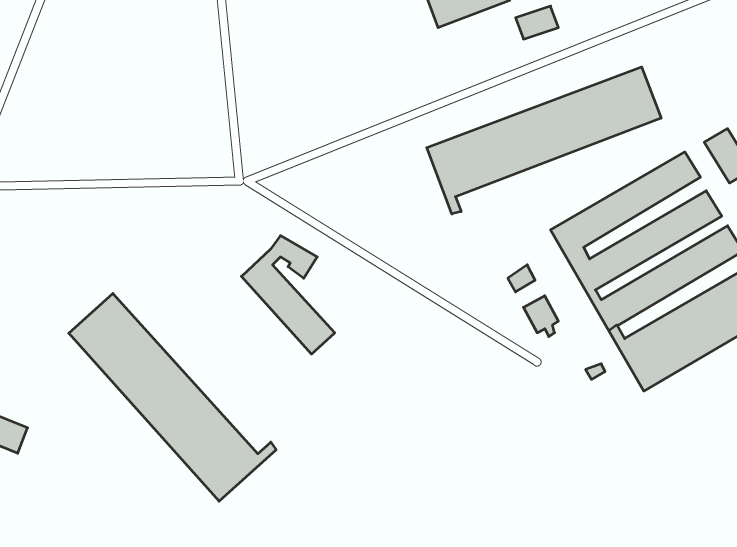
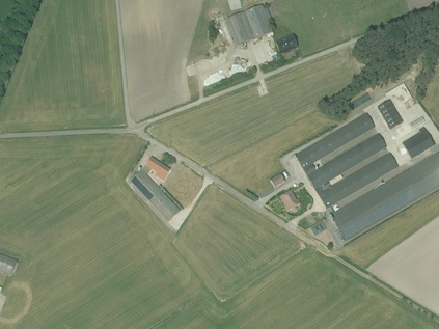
building: [427,67,661,214] -> none
building: [69,293,276,501] -> none

